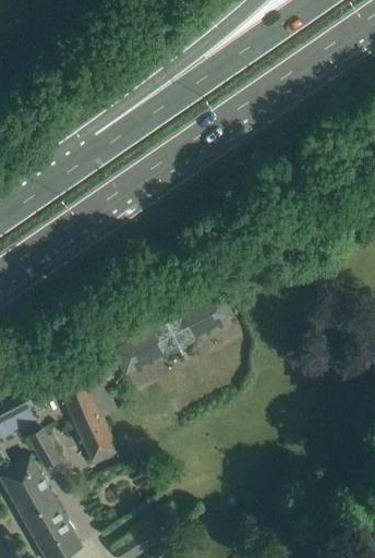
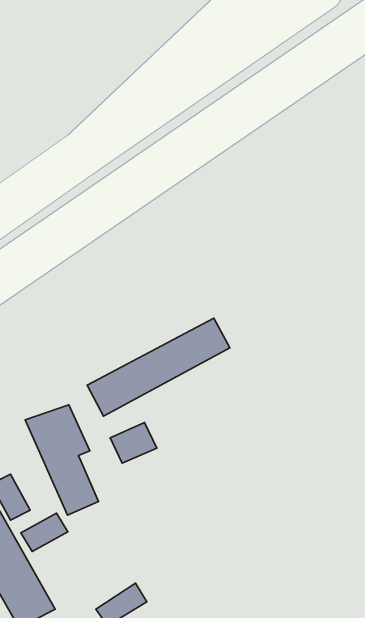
building: none -> [110,423,157,463]
building: none -> [21,513,68,551]

